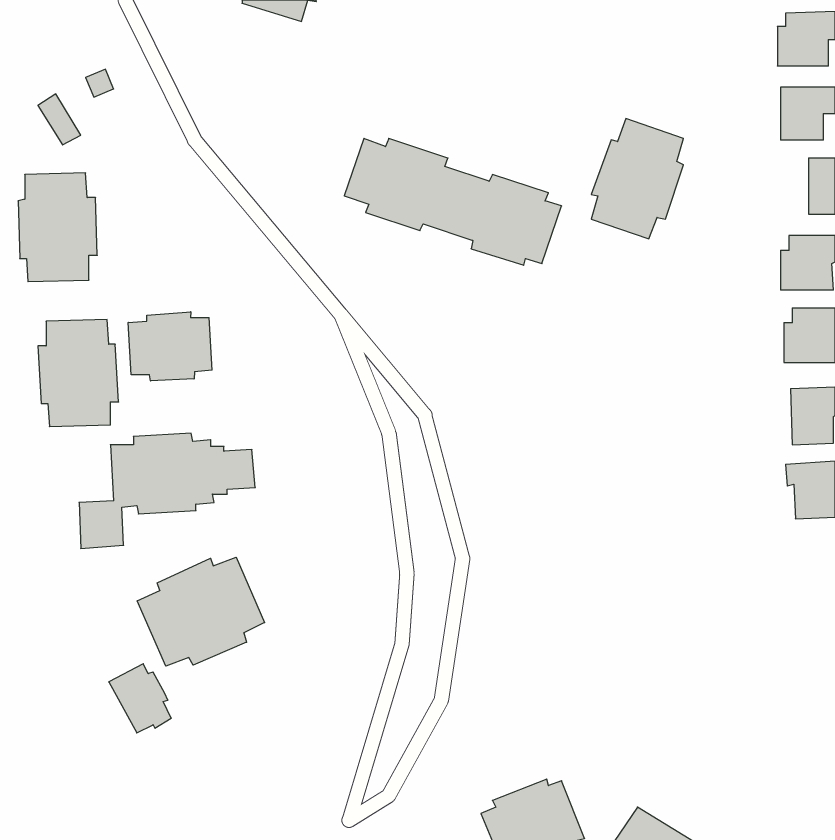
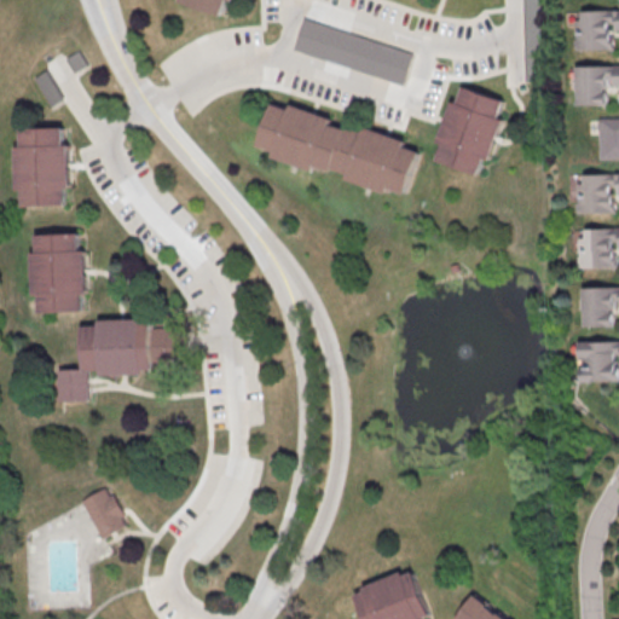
building: none -> [288,17,409,85]
building: [128,312,212,381] -> none
building: [137,557,265,666] -> none

